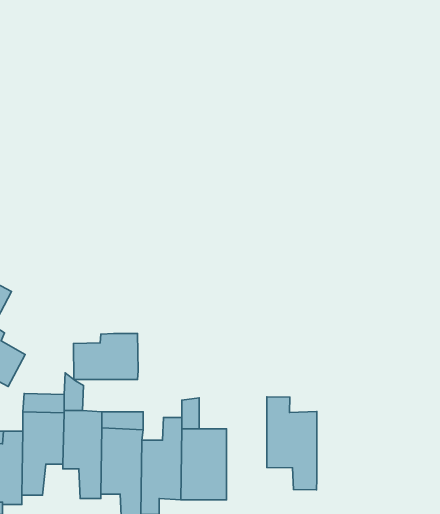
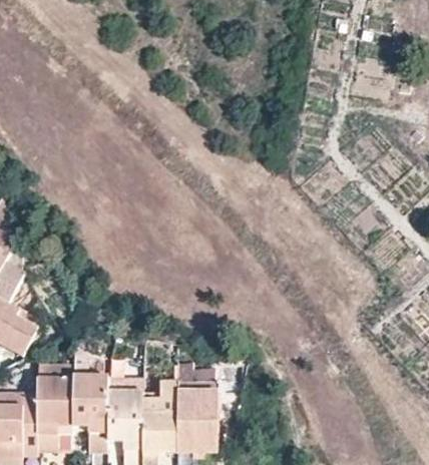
building: [74,333,138,379] -> none
building: [267,397,317,490] -> none

